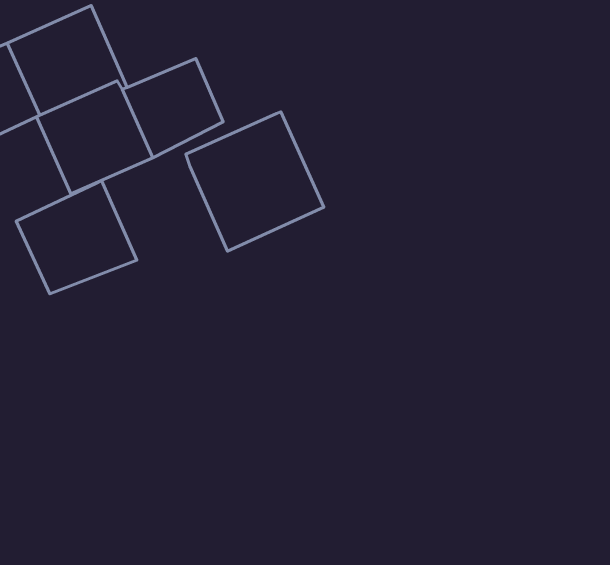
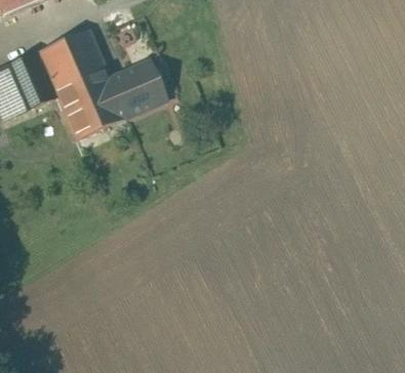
building: [186,112,324,251] -> none
building: [16,180,137,294] -> none

